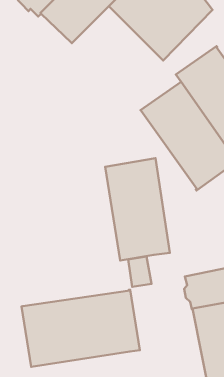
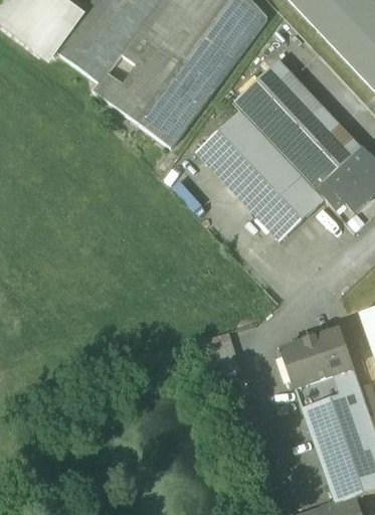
building: none -> [91,28,215,146]
building: [105,158,170,260] -> none
building: [22,290,140,367] -> none

